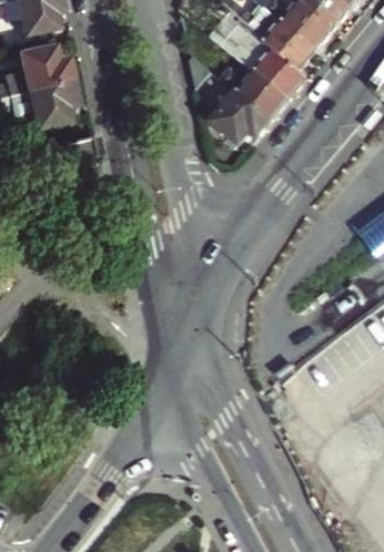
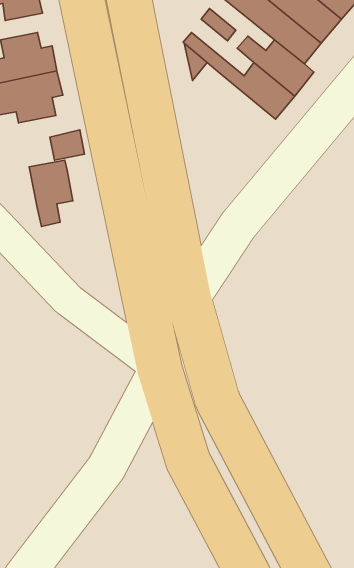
building: [211,75,276,141] -> none
building: none -> [29,160,73,227]

